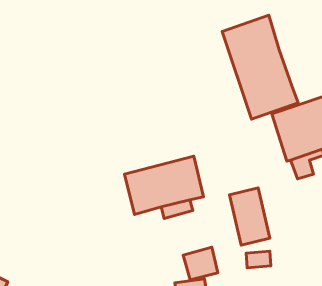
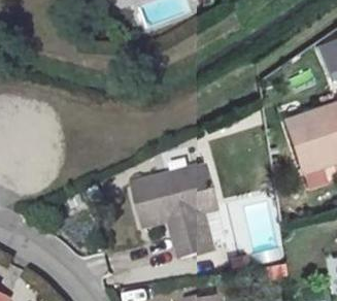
building: [222,15,298,119] -> none
building: [183,247,218,280] -> [172,222,208,256]

